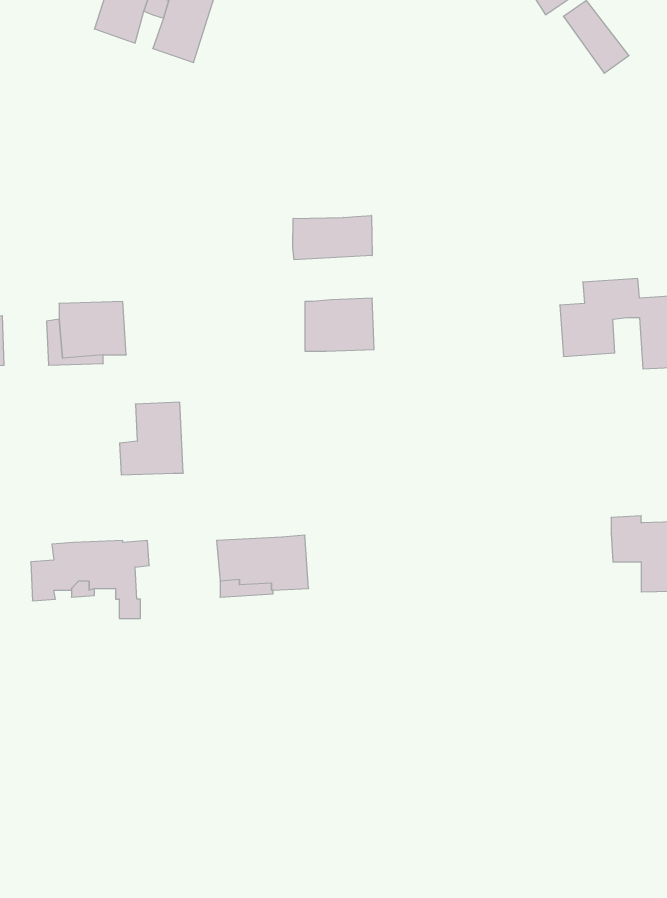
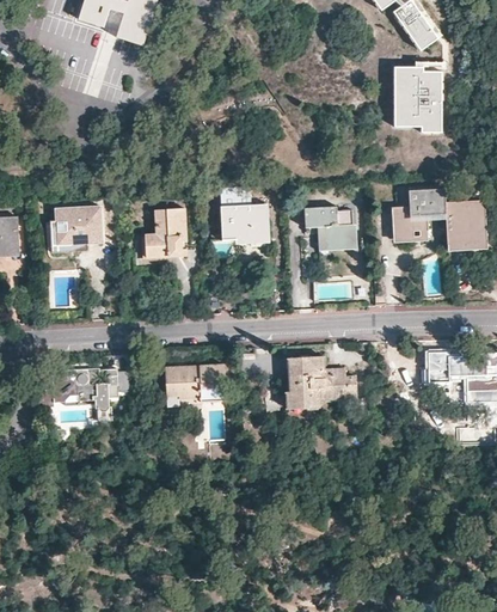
building: none -> [397,68,446,136]
building: [293,215,372,260] -> none
building: none -> [302,206,351,241]
building: [120,402,183,475] -> [142,207,185,256]
building: none -> [286,355,356,406]

